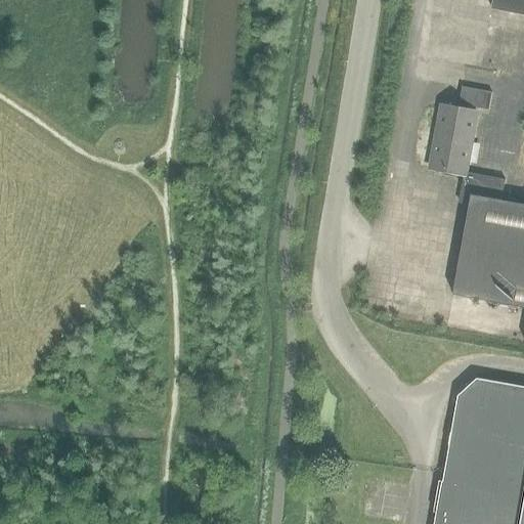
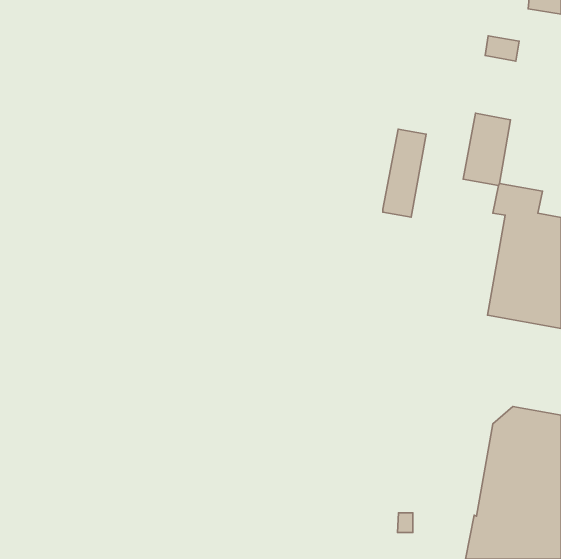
building: [460,86,491,110] -> [485,36,519,61]
building: none -> [383,129,426,217]

